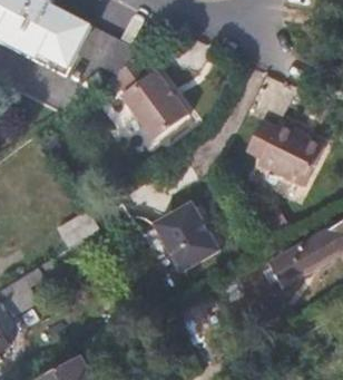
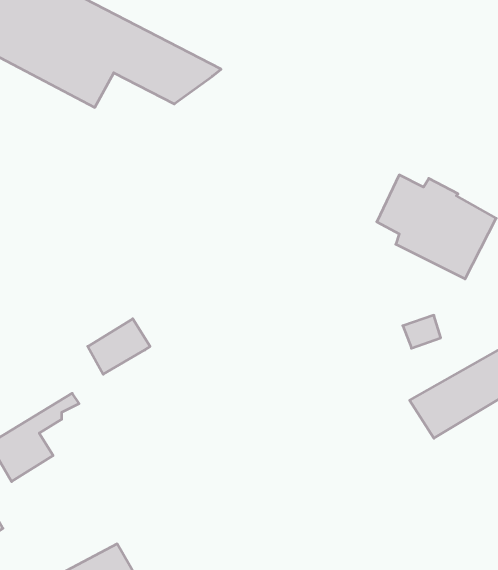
building: [111,56,187,139] -> none
building: [150,203,216,272] -> none

